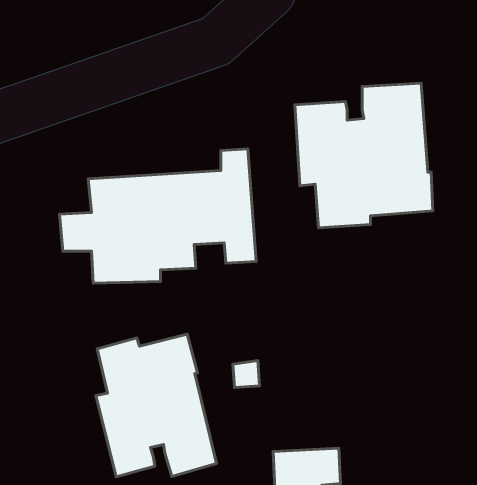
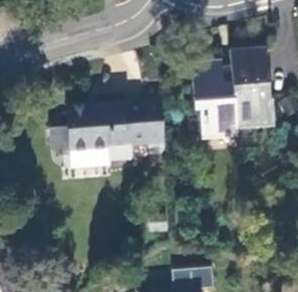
building: [96,334,217,477] -> none

